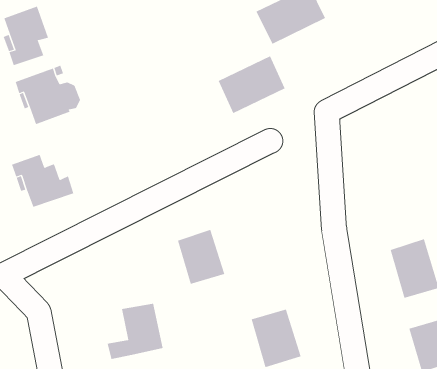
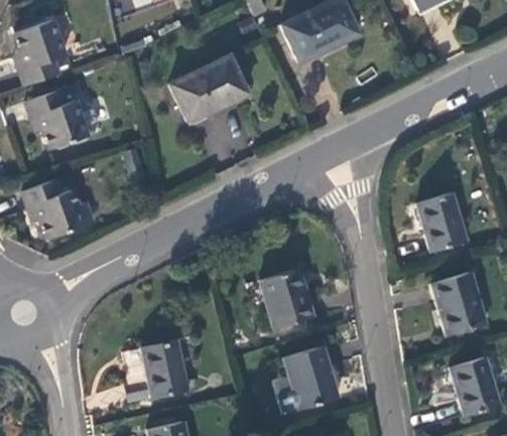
building: [218,56,286,114] -> [163,64,236,127]
building: none -> [415,190,464,248]
building: [177,229,225,285] -> [259,268,310,327]

